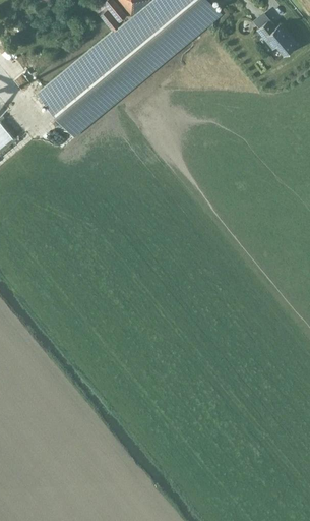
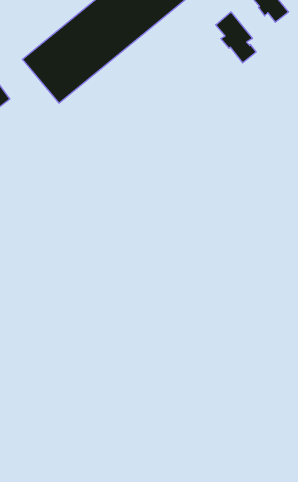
building: none -> [216,12,256,63]

